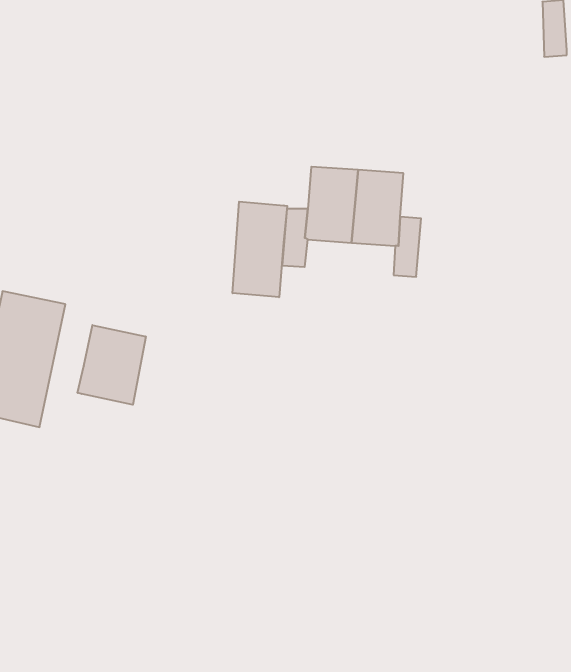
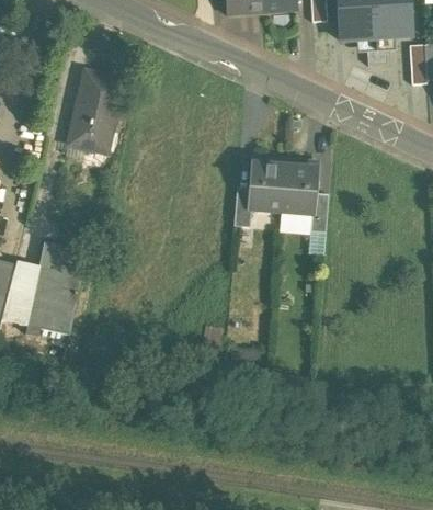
building: none -> [69,70,122,151]
building: [233,202,287,297] -> none
building: [78,325,146,405] -> none

